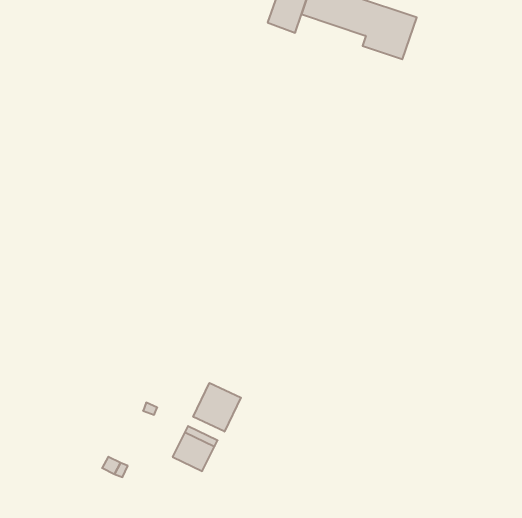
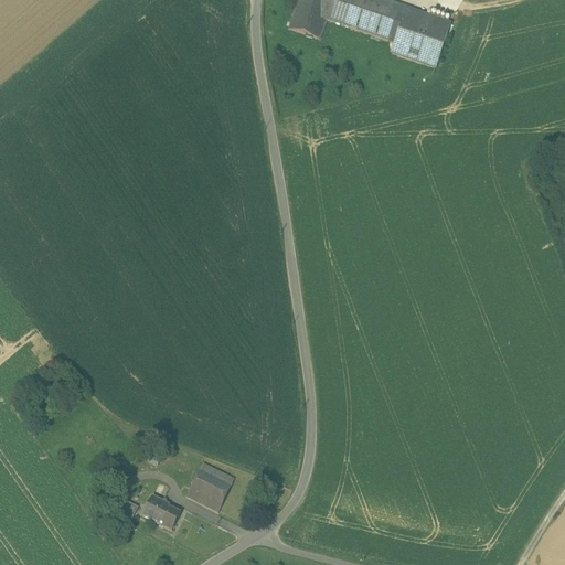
building: [193,383,241,432] -> none
building: none -> [142,492,181,527]

